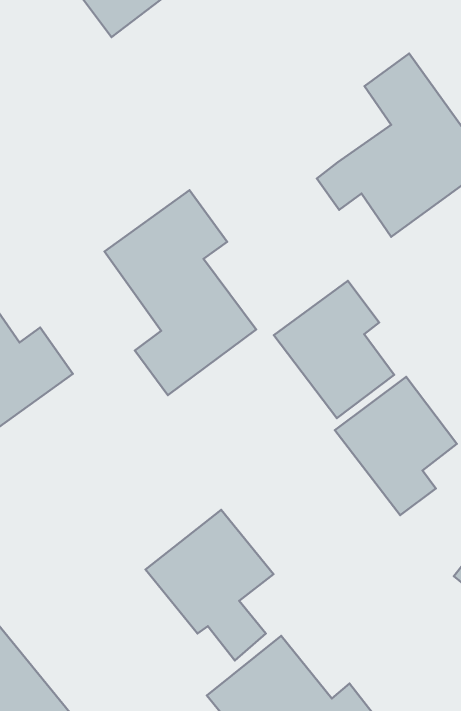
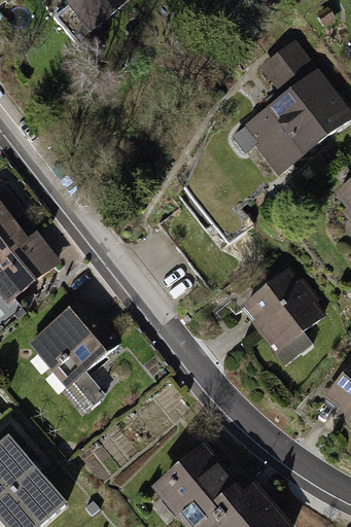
building: [105,190,256,395] -> none
building: [274,281,394,418] -> none
building: [145,510,273,660] -> [31,301,119,405]

